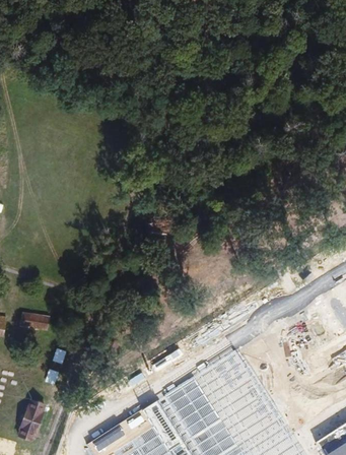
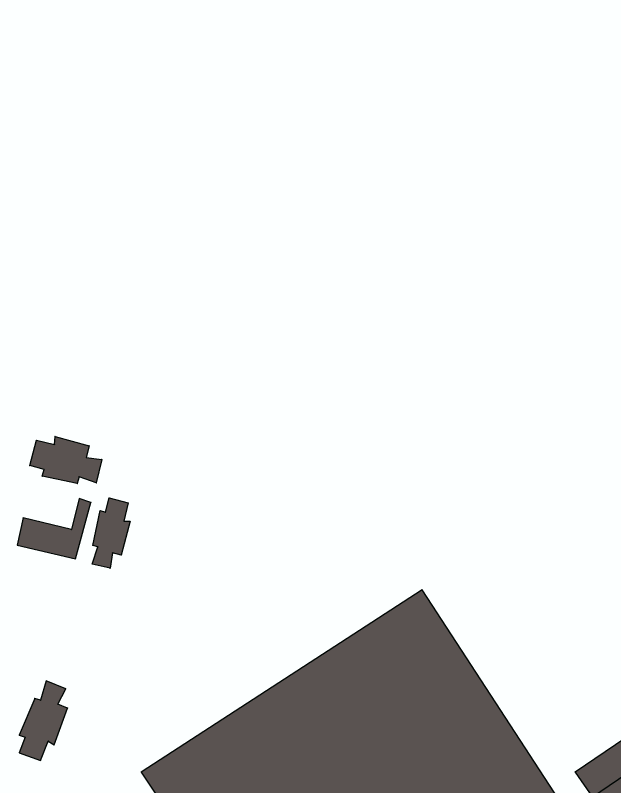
building: none -> [30,436,102,484]
building: none -> [92,498,130,568]

